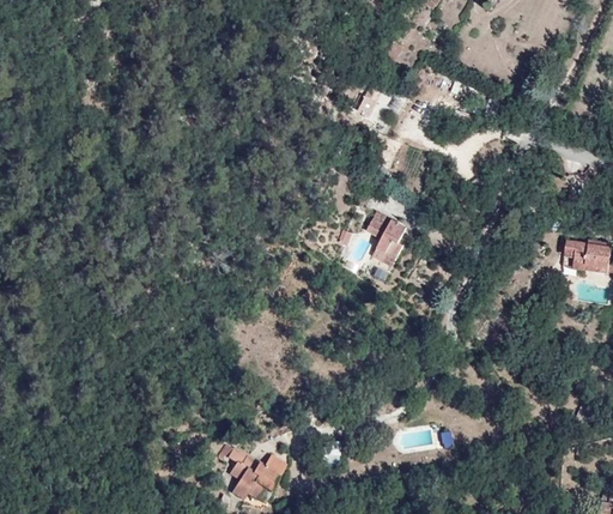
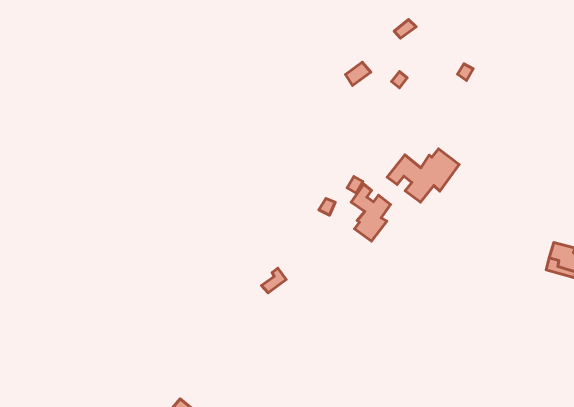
building: none -> [387,149,459,202]

